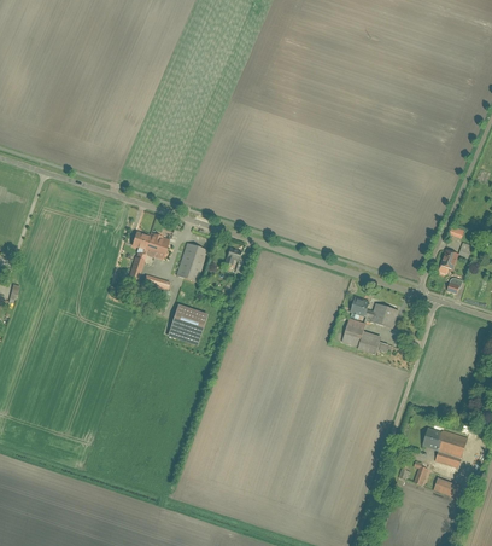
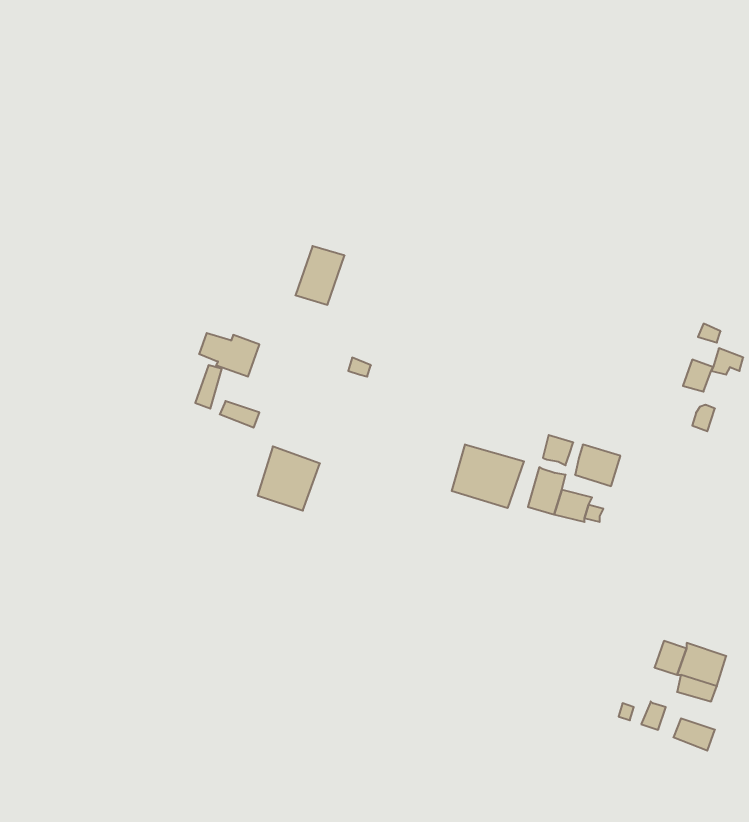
building: [176,244,207,281] -> [295,246,345,305]
building: none -> [452,444,524,508]

